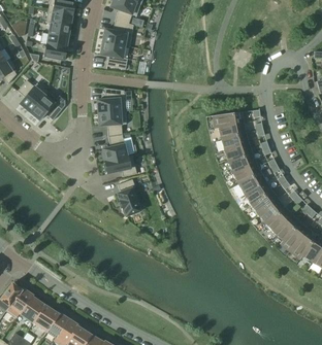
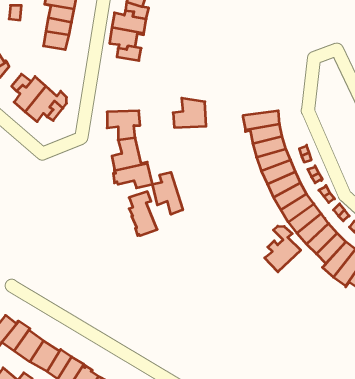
building: [97,88,125,112] -> [173,98,206,127]
building: none -> [152,172,183,214]
building: none -> [265,226,301,272]

